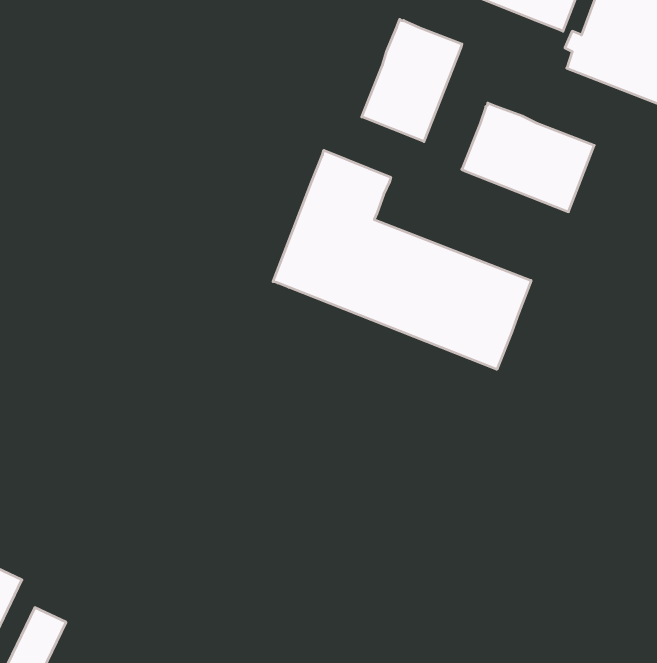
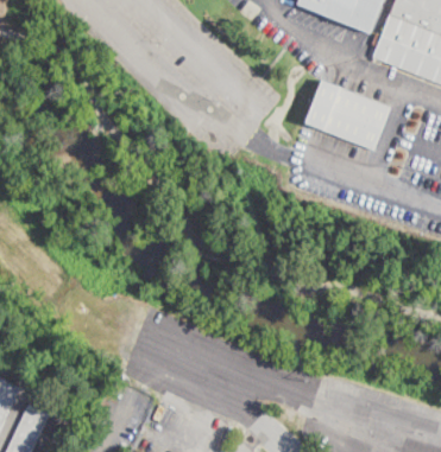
building: [362,19,462,142] -> none
building: [273,150,531,369] -> none

